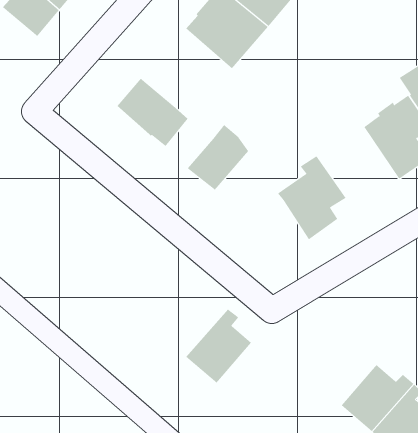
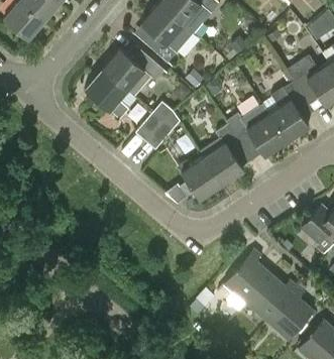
building: none -> [102,45,163,98]
building: none -> [226,104,287,155]
building: none -> [177,156,222,200]
building: [186,309,252,384] -> [223,249,270,303]

